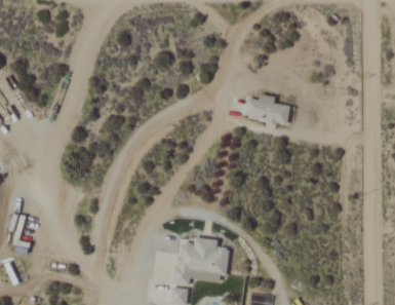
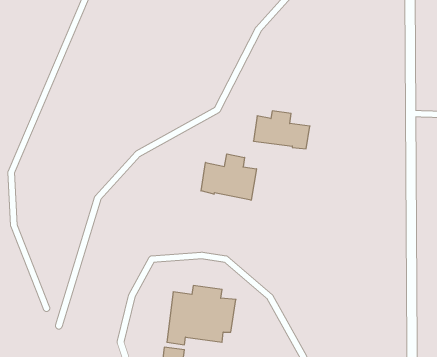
building: none -> [201,154,256,200]

